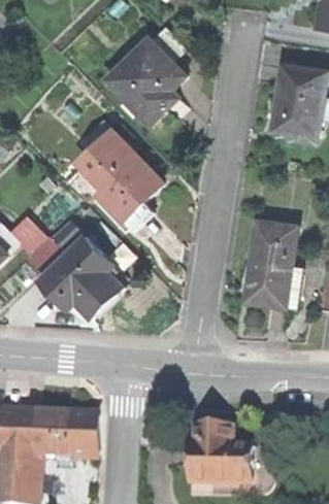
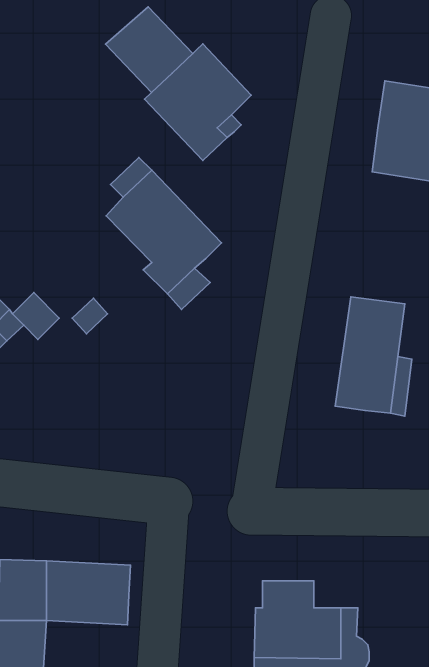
building: none -> [105,7,193,93]
building: [38,235,124,317] -> none

